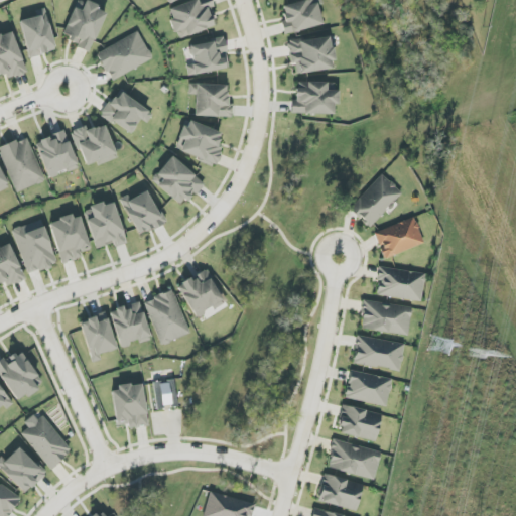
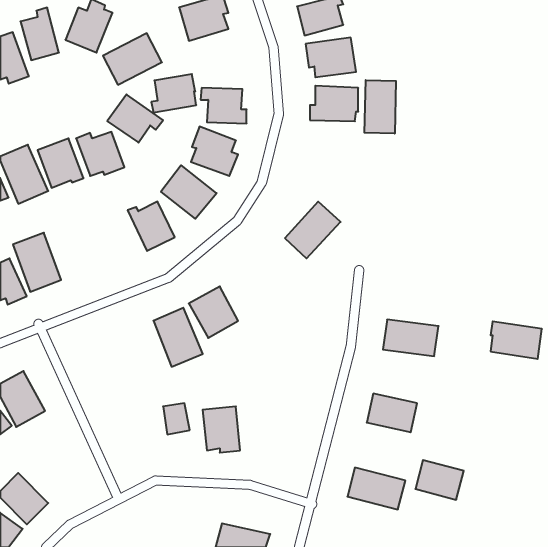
building: [186,38,229,75] -> [151,74,196,113]
building: none -> [364,80,396,134]
building: [350,173,402,227] -> [285,202,341,258]
building: [84,202,127,248] -> none
building: [49,213,90,263] -> none
building: [374,217,424,258] -> none
building: [377,266,425,301] -> [491,321,542,359]
building: [110,301,151,346] -> none
building: [80,312,116,362] -> none
building: [353,335,405,371] -> none
building: [112,384,147,427] -> [203,406,240,453]
building: [337,404,382,441] -> [415,460,464,500]
building: [21,410,72,469] -> none
building: [317,474,363,510] -> none

